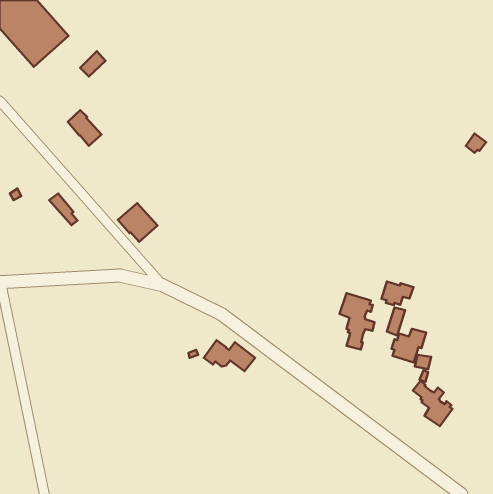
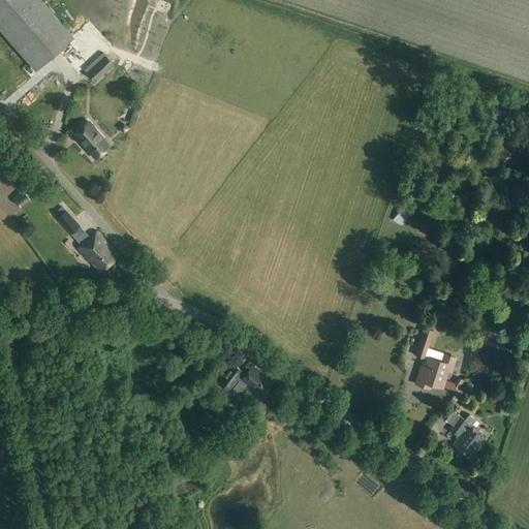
building: [118,203,157,242] -> [77,232,120,274]
building: [382,281,414,305] -> none
building: [340,293,375,349] -> none

